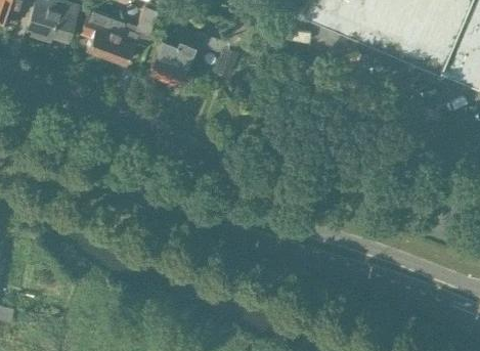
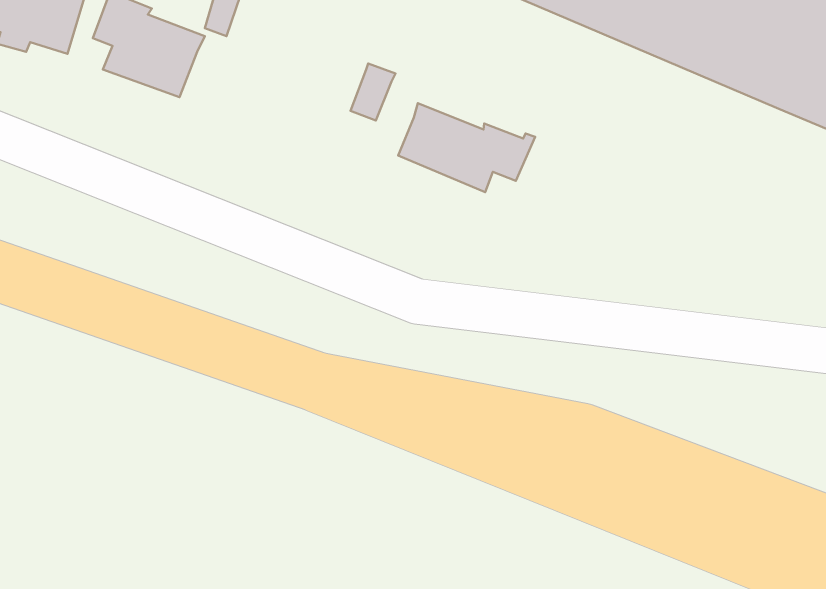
building: [149,37,195,85] -> none
building: none -> [398,103,535,192]

